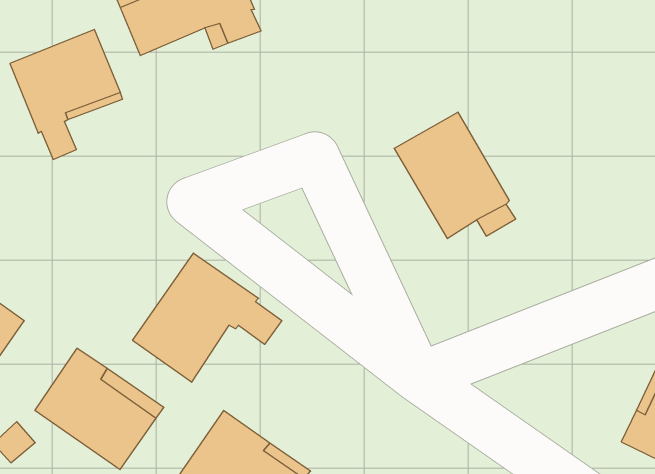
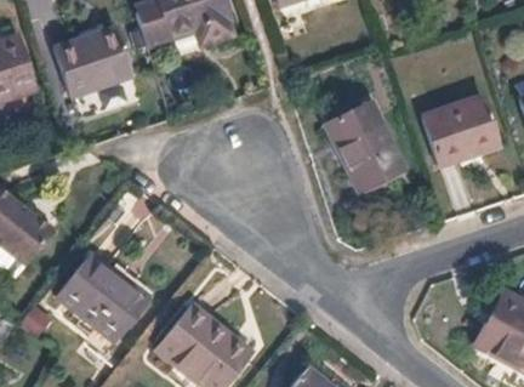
building: none -> [423,95,500,164]
building: [133,253,282,382] -> none

